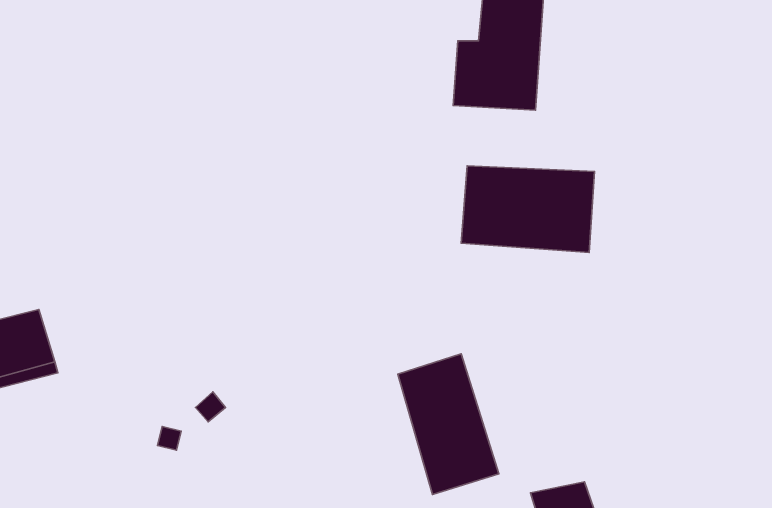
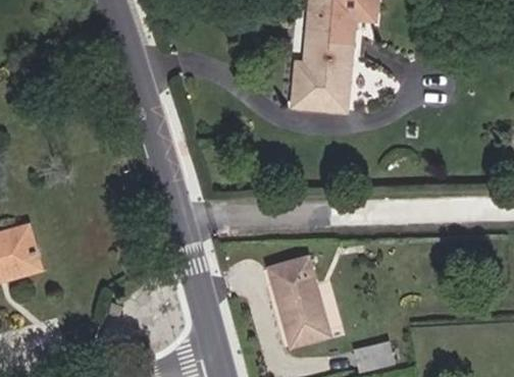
building: [461,166,595,252] -> none

